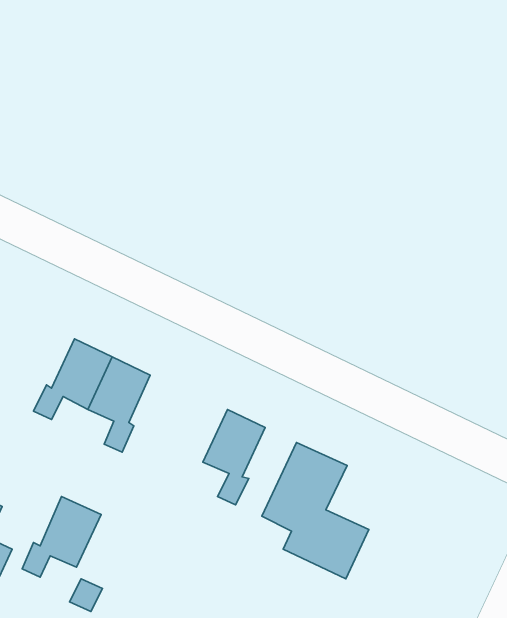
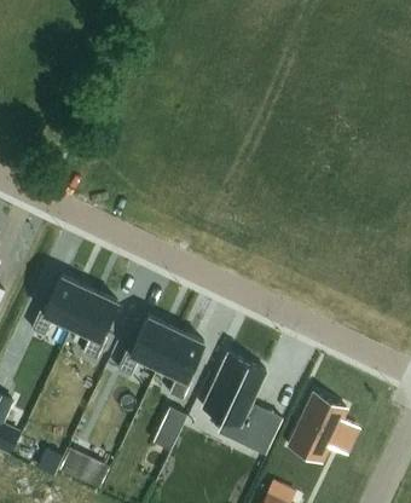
building: [22,497,101,577] -> [118,317,176,376]
building: none -> [289,394,345,463]
building: none -> [151,407,185,451]

